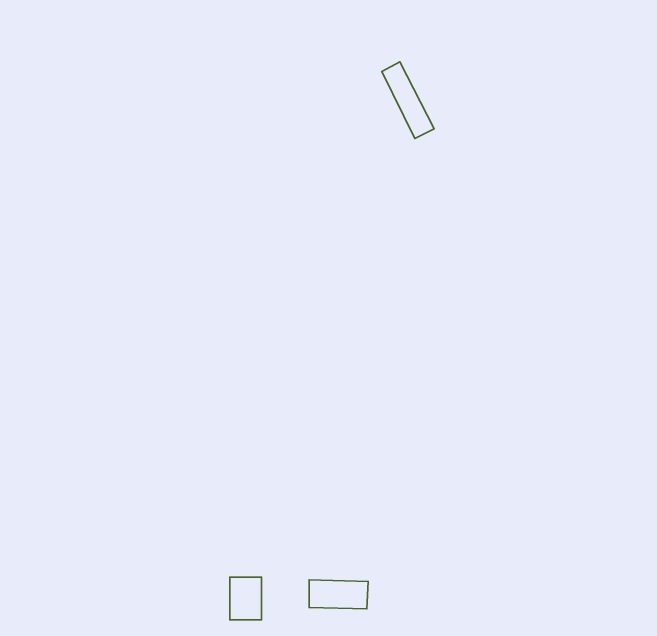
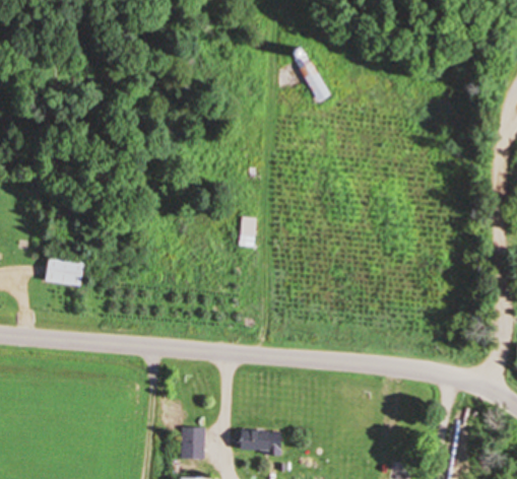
building: none -> [240,217,256,248]
building: none -> [46,257,85,287]

